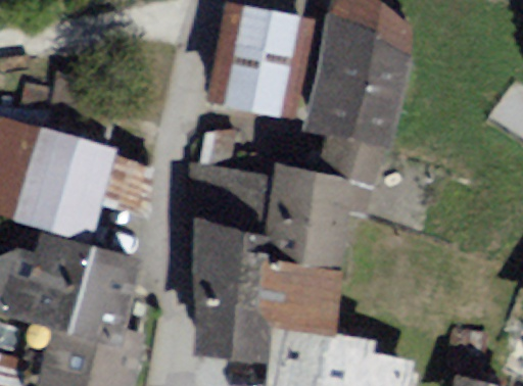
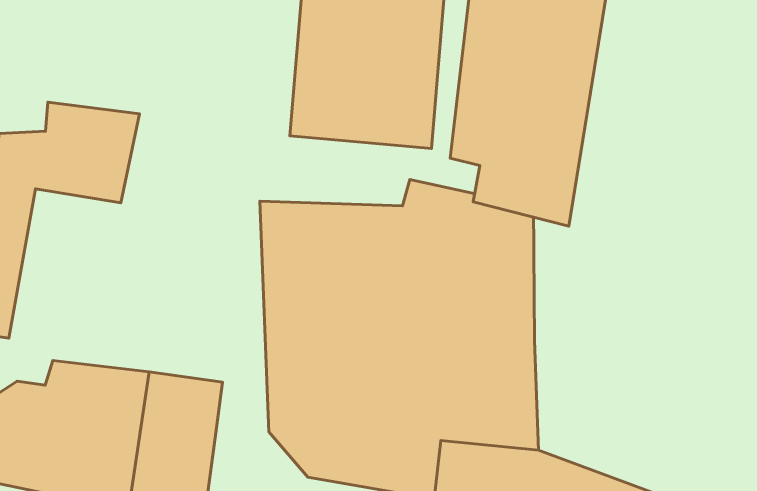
building: [15,131,117,244] -> none

